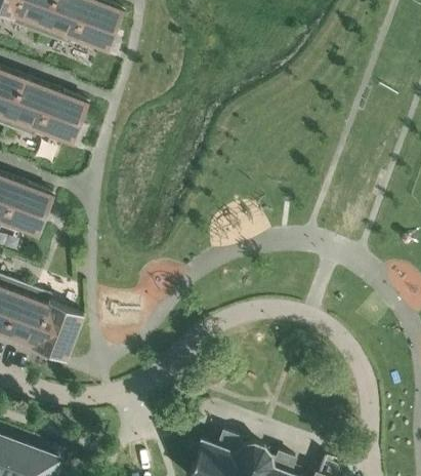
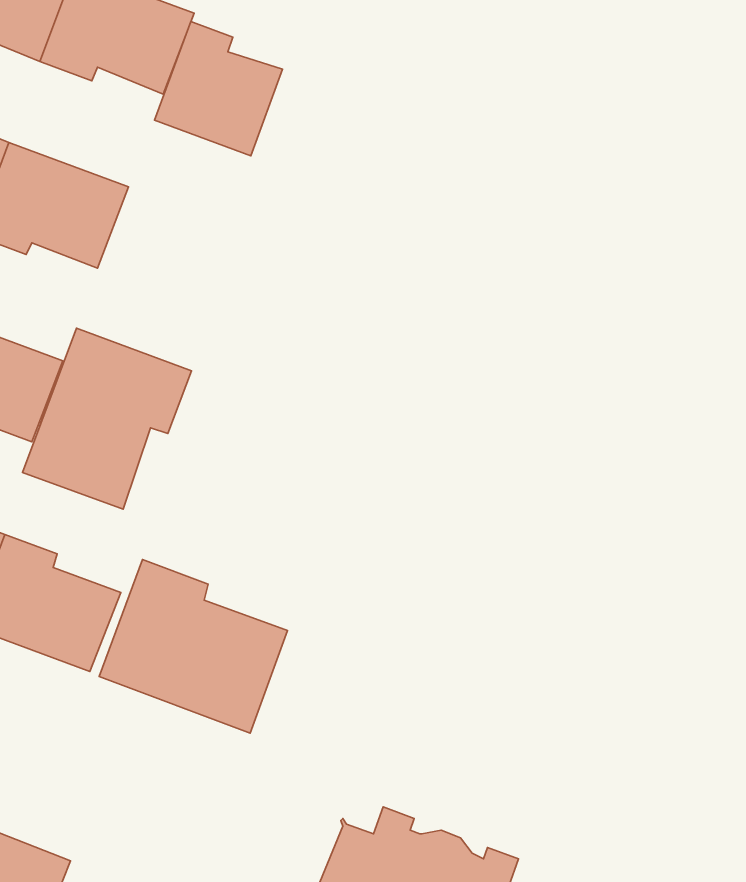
building: none -> [155,21,282,156]
building: none -> [22,328,191,509]
building: none -> [99,560,288,733]

